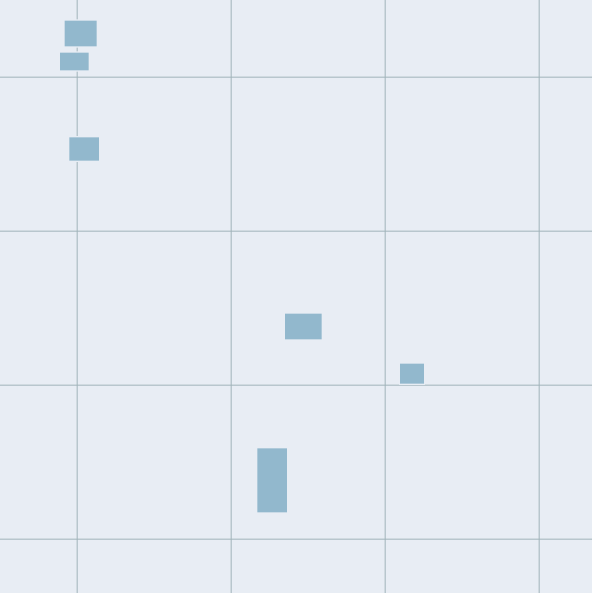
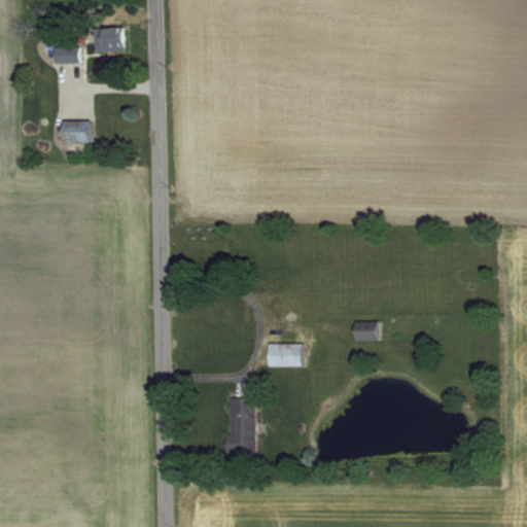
building: [64,20,98,47] -> [95,28,125,51]
building: [284,313,323,340] -> [267,343,301,366]

